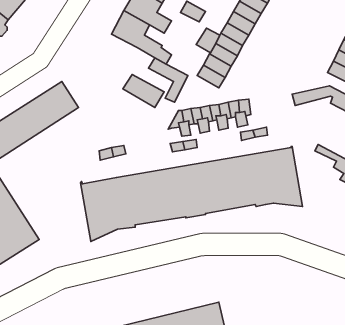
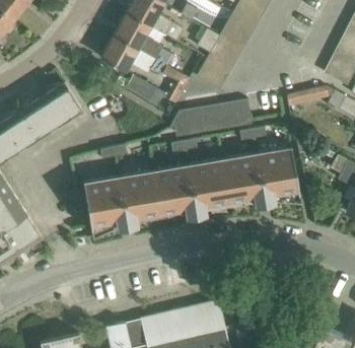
building: none -> [100,36,139,72]

